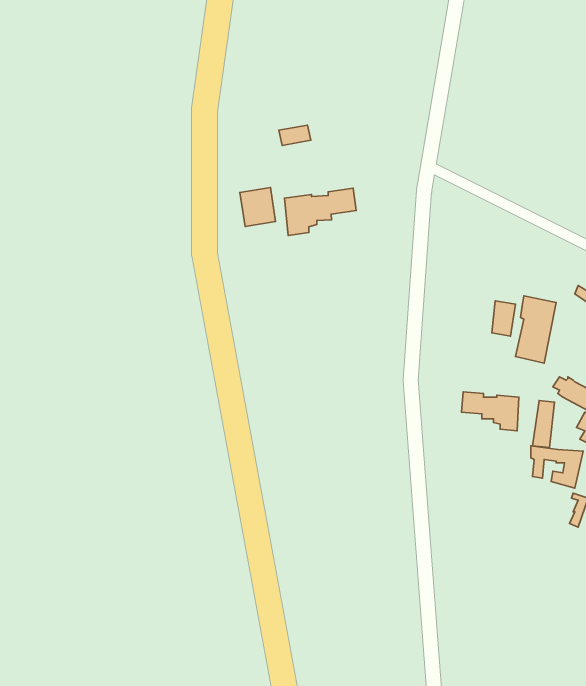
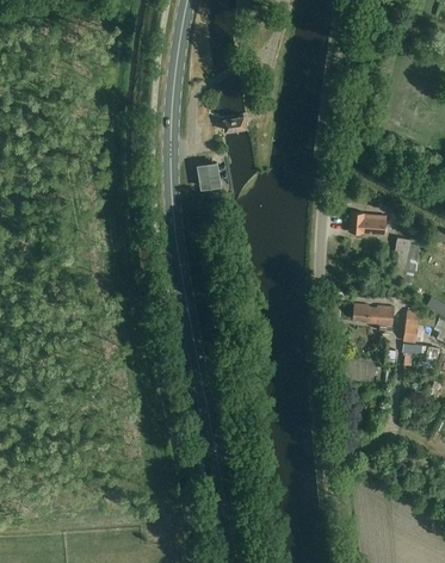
building: [284,188,356,236] -> none
building: none -> [348,210,385,234]

